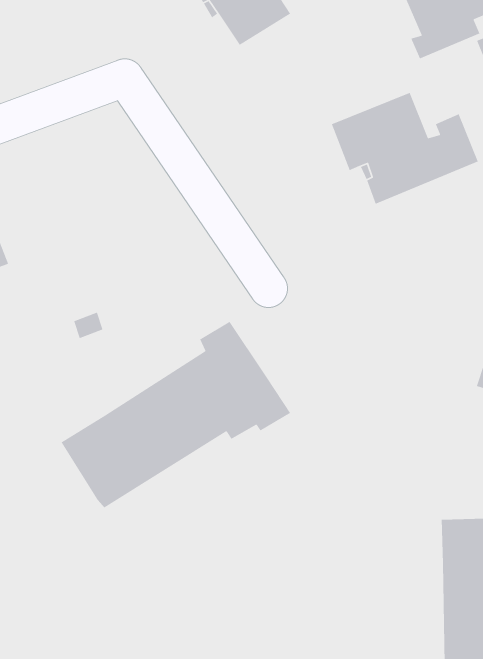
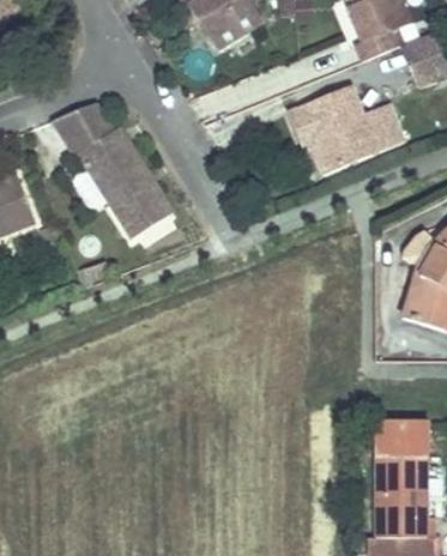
building: none -> [59,103,174,235]
building: [60,321,291,509] -> none

